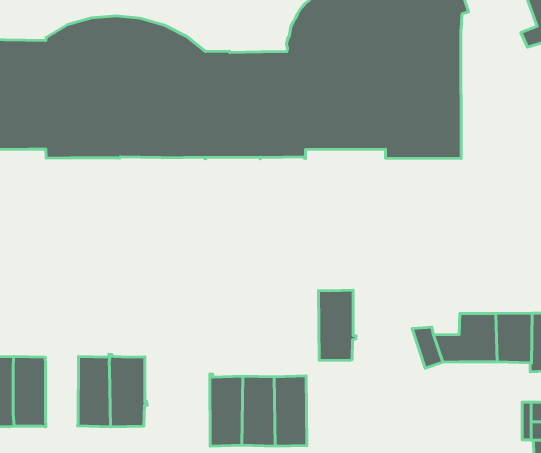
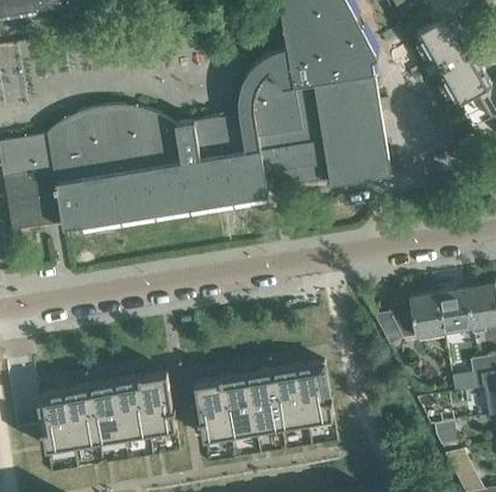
building: [318,290,356,360] -> [296,364,332,423]
building: none -> [88,383,123,442]
building: none -> [192,379,230,441]

